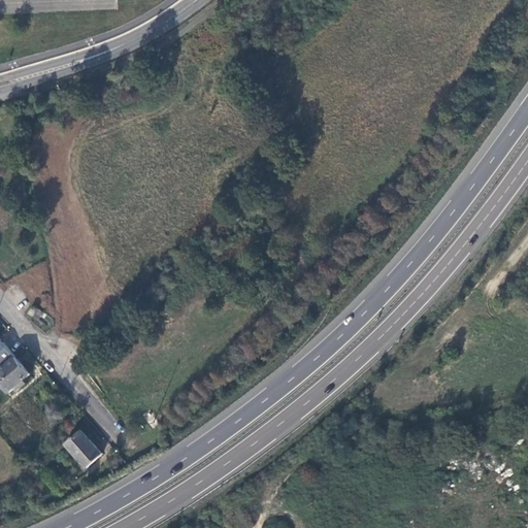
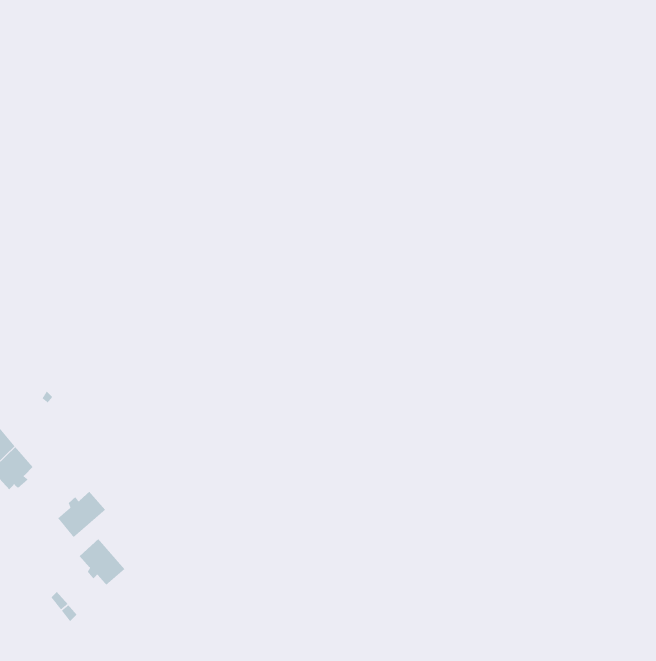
building: none -> [57,491,106,538]

